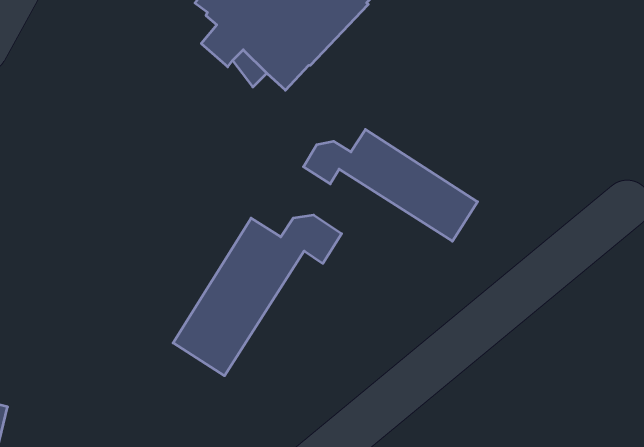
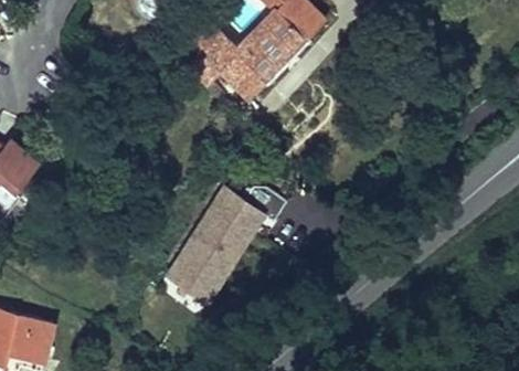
building: [303,129,478,241] -> none

